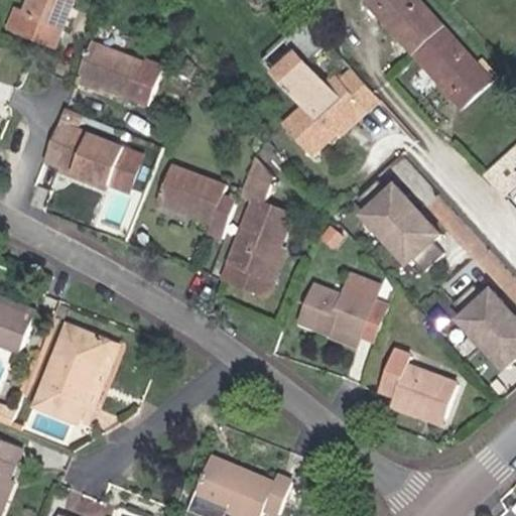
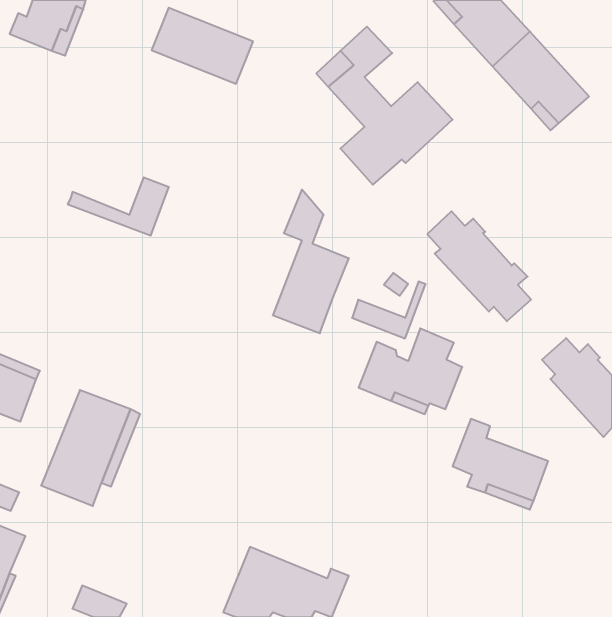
building: [76,42,160,106] -> [152,8,253,84]
building: [42,108,120,179] -> none
building: [155,163,236,240] -> none
building: [223,248,284,295] -> [352,282,426,338]

